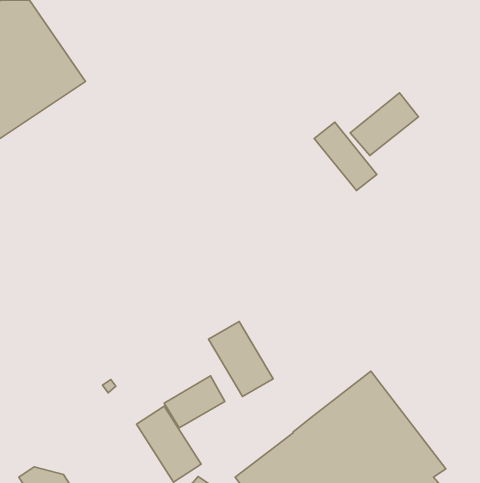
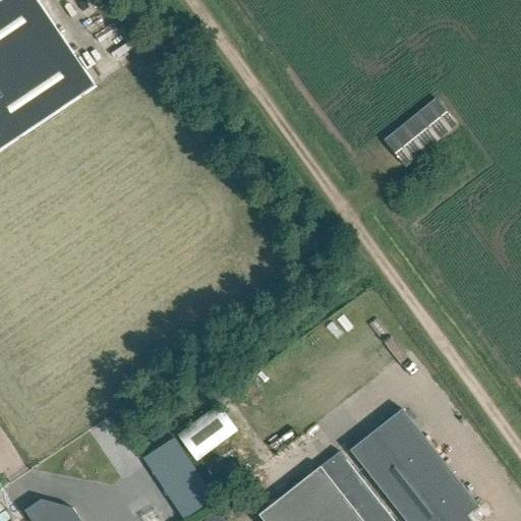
building: [314,122,377,191] -> none
building: [209,321,273,397] -> none

